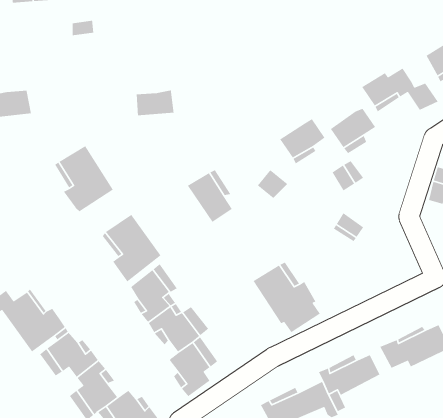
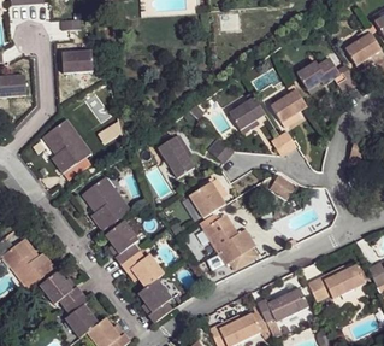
building: [136,89,174,116] -> [65,51,96,72]
building: none -> [190,178,228,219]

